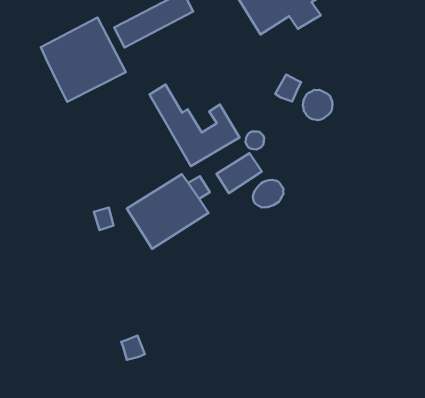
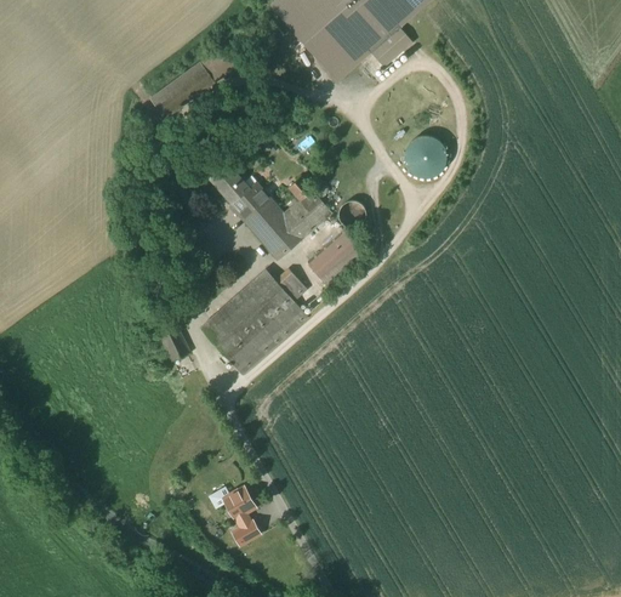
building: [41,17,126,102] -> none
building: [275,74,301,102] -> none
building: [253,180,284,207] -> none
building: none -> [232,511,260,544]

